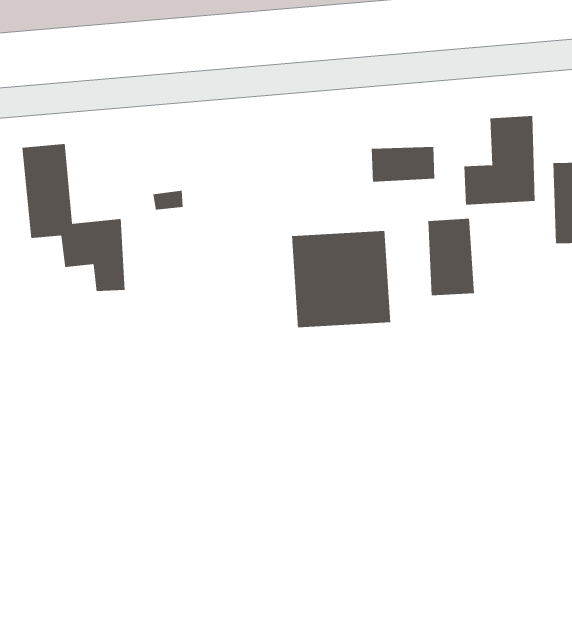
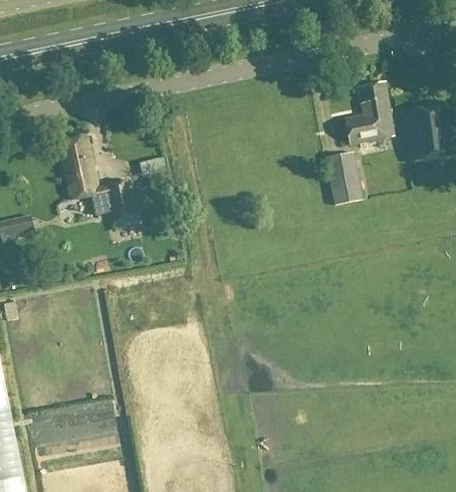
building: [371,146,435,182] -> none
building: [291,230,391,328] -> none

